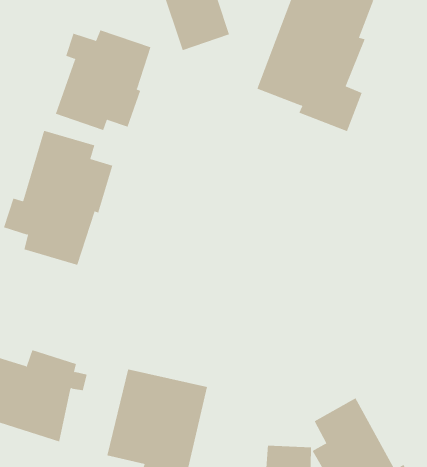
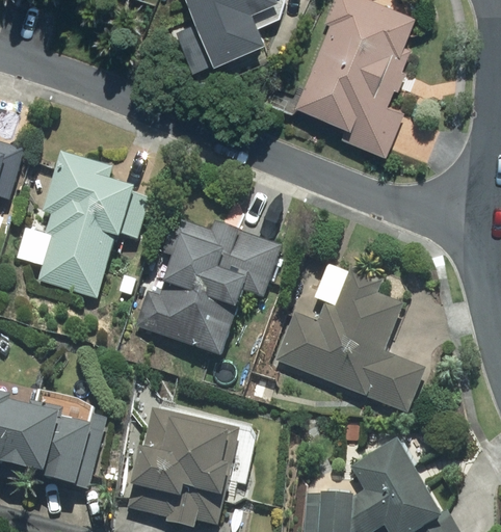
building: [55,29,151,131] -> none
building: none -> [150,222,282,355]
building: none -> [272,250,427,411]

